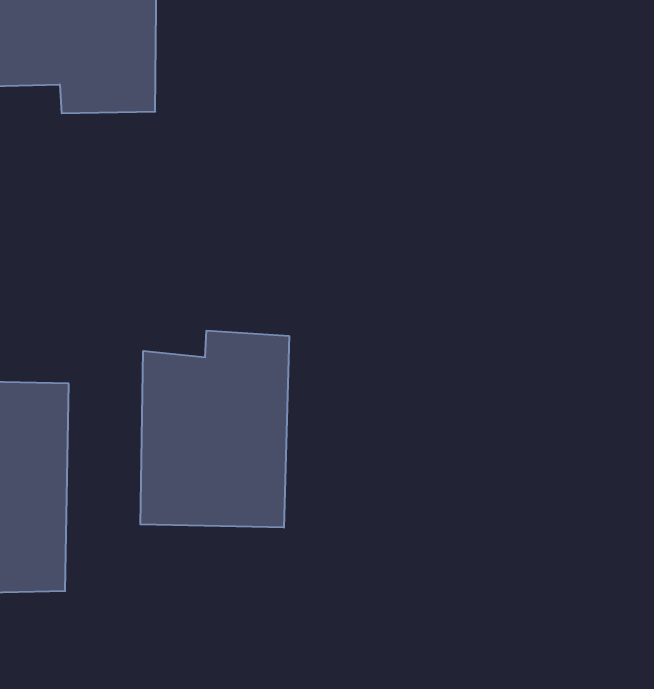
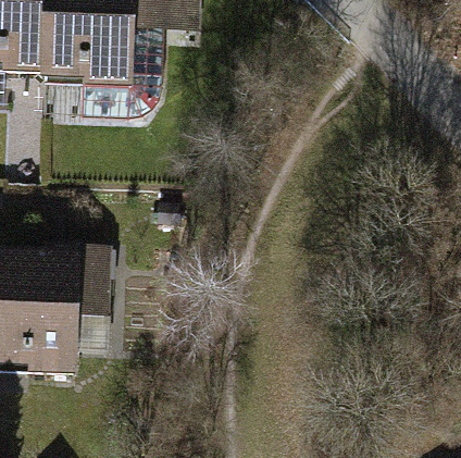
building: [140,331,289,528] -> none

